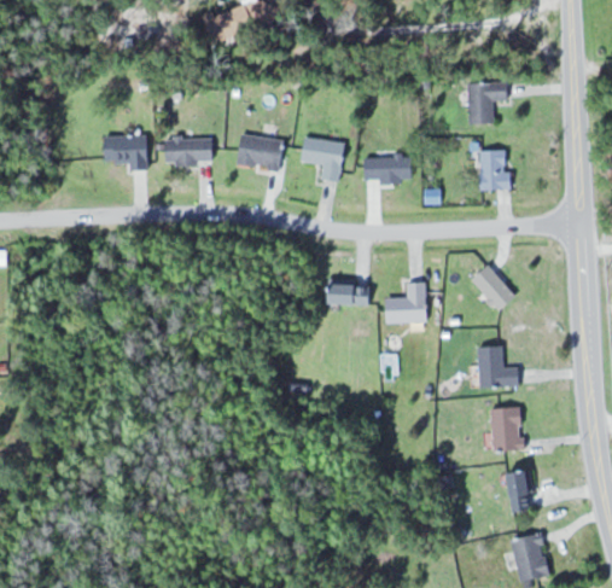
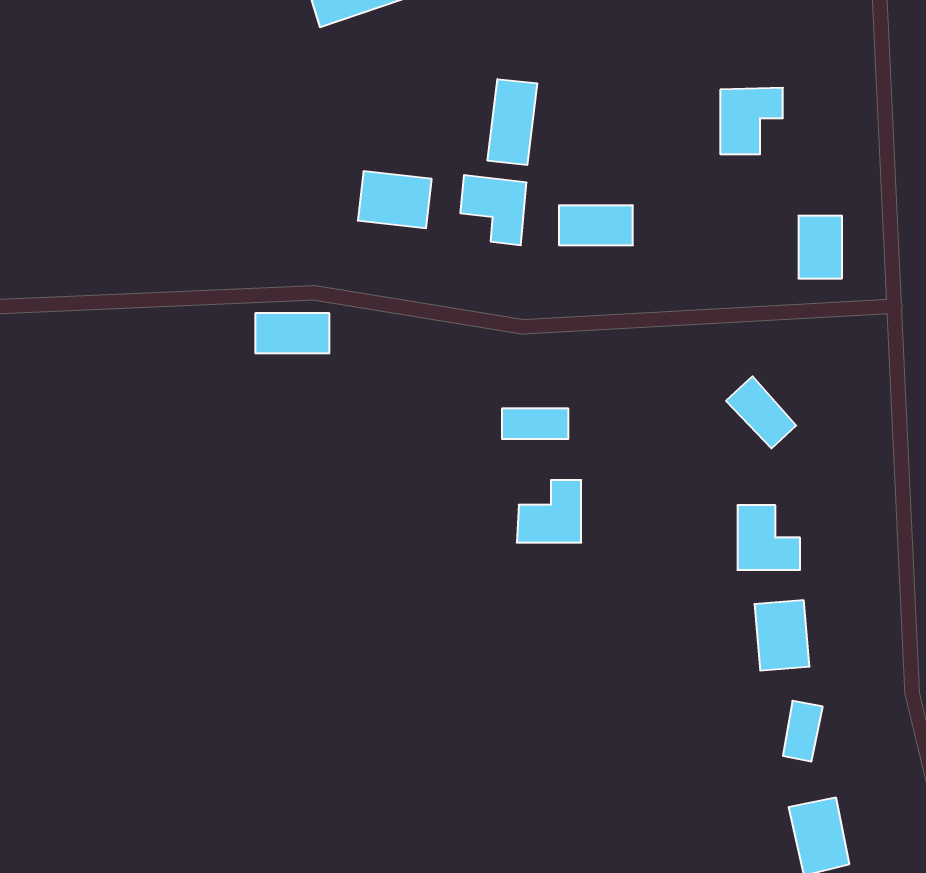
building: none -> [488,79,537,165]
building: [103,135,146,170] -> none
building: [164,138,211,163] -> [255,313,329,353]
building: [479,150,507,190] -> [798,216,842,278]
building: [384,283,425,322] -> [517,480,581,543]

